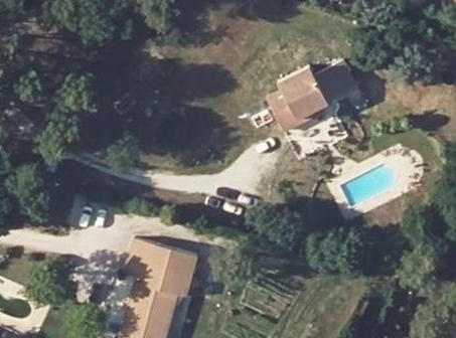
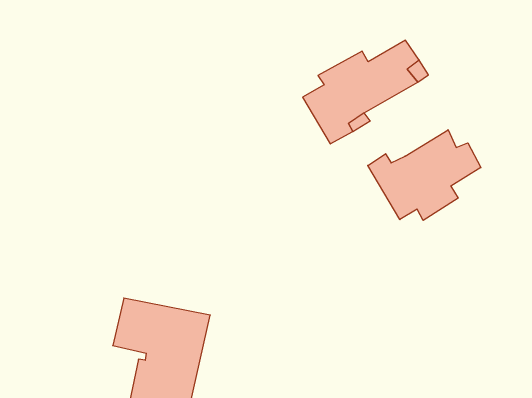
building: none -> [368,130,481,220]

